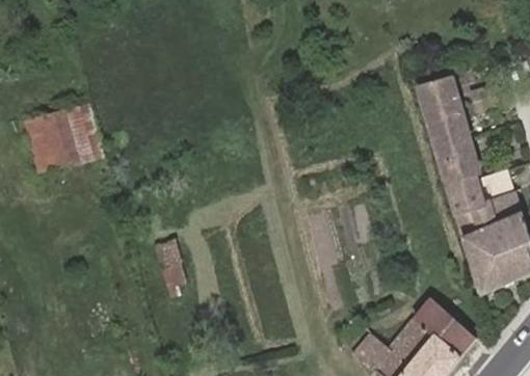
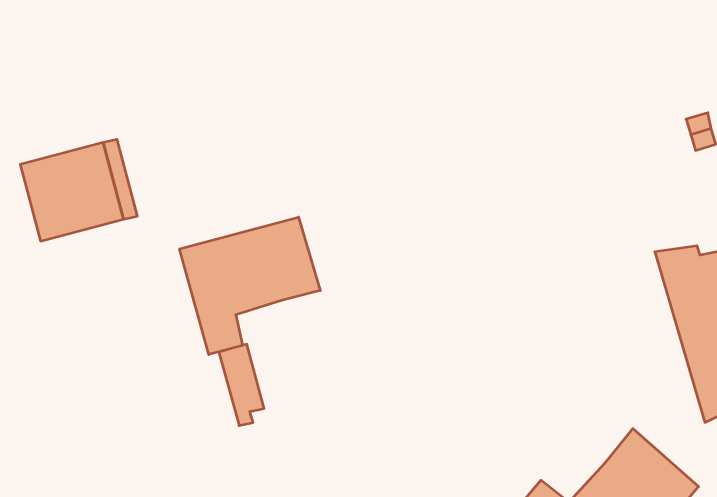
building: [419,77,478,180] -> none
building: none -> [180,217,320,355]

